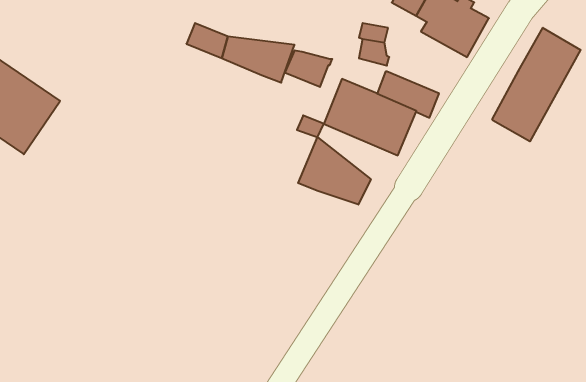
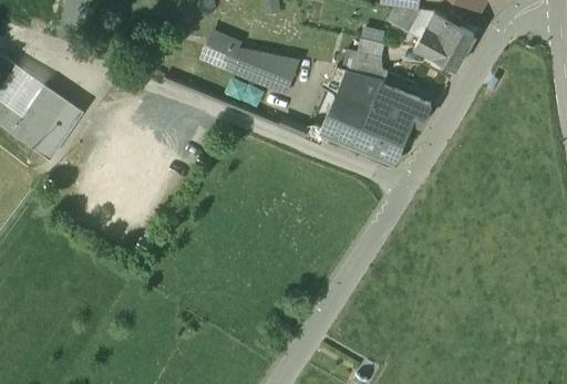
building: [492,28,581,141] -> none
building: [285,50,332,87] -> [341,71,384,104]
building: [298,137,371,205] -> none

